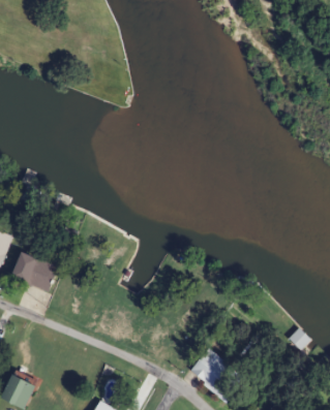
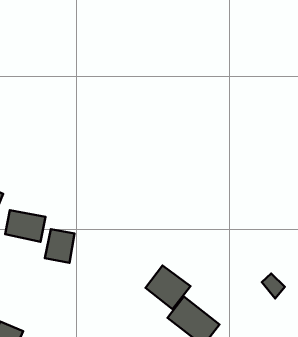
building: none -> [45,229,74,263]
building: none -> [145,266,191,309]

